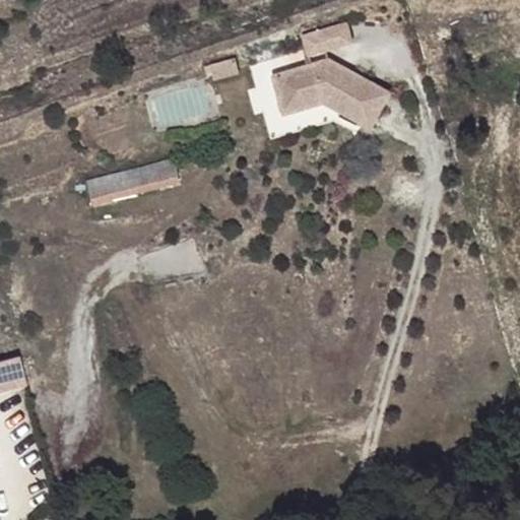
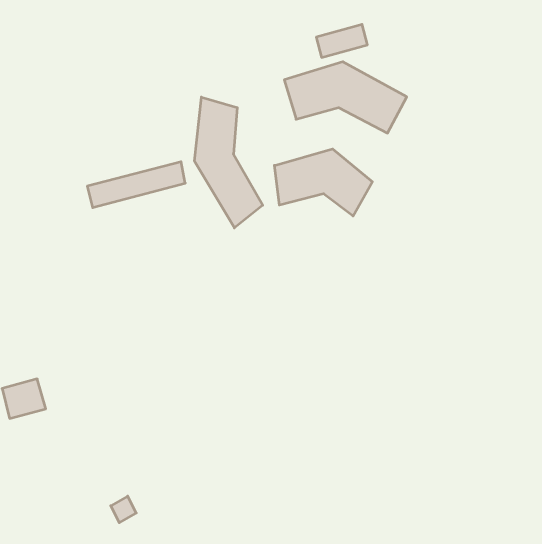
building: none -> [195,97,263,228]
building: none -> [274,149,372,216]

